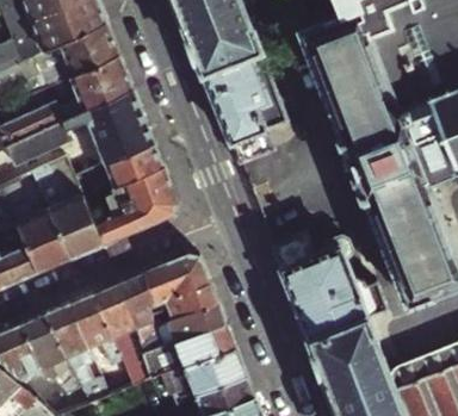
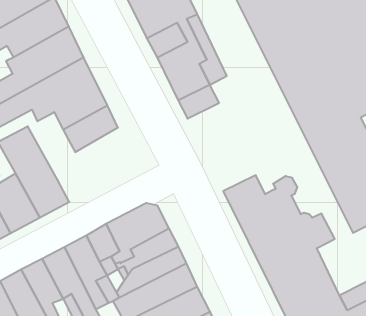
building: [92,169,177,246] -> none

